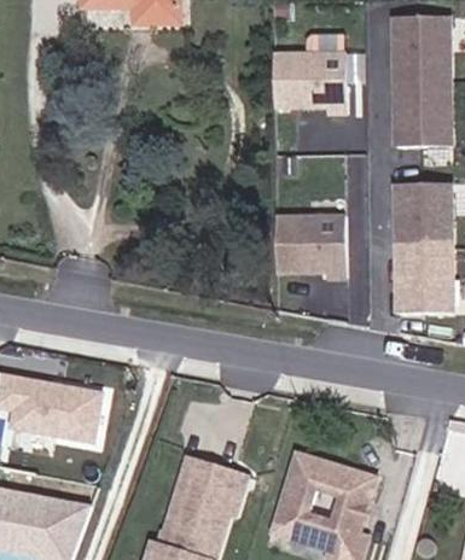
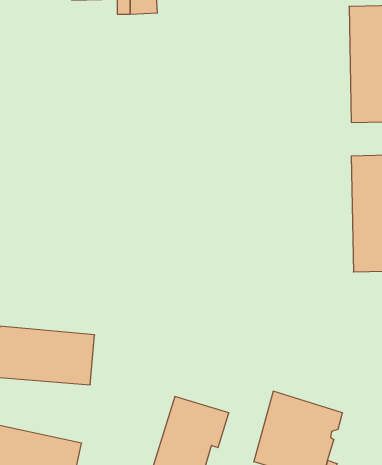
building: [266,51,344,116] -> none
building: [267,216,341,281] -> none

